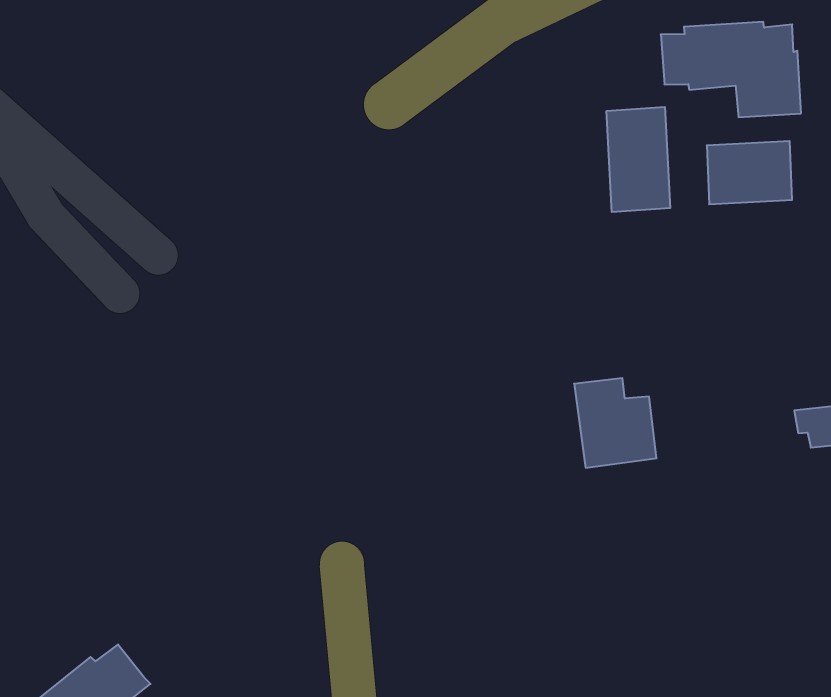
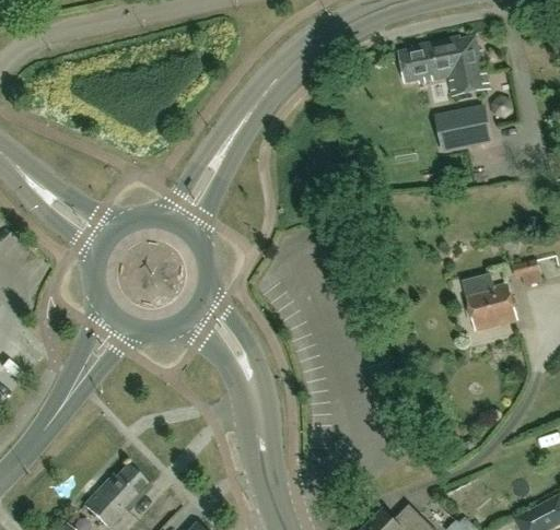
building: [607,107,670,212] -> none
building: [574,378,657,468] -> [460,275,516,332]

